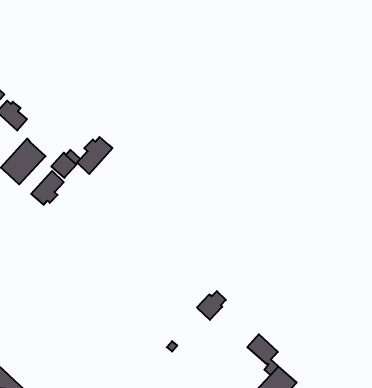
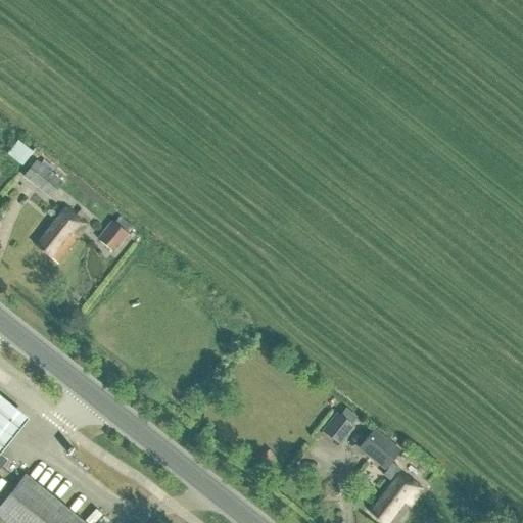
building: [77,137,112,174] -> none
building: [31,171,64,205] -> none
building: [197,291,226,320] -> [322,407,358,443]

